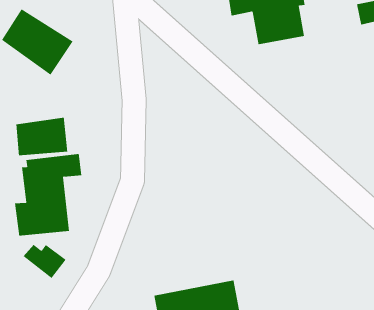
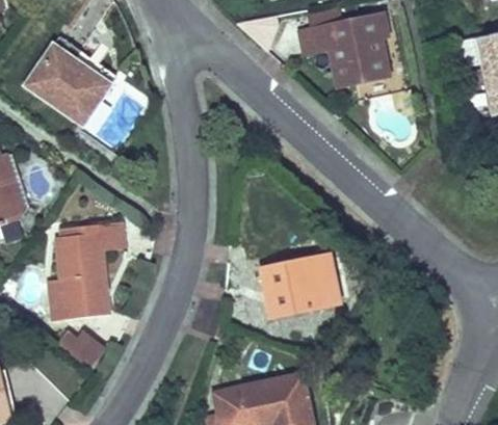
building: [16,117,68,156] -> none
building: none -> [259,253,343,319]

